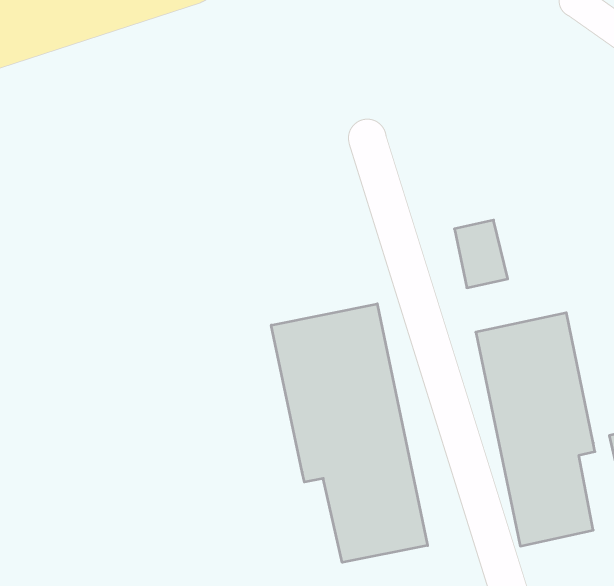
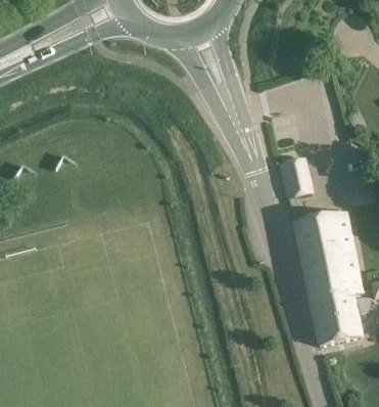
building: [271,304,428,562] -> none

